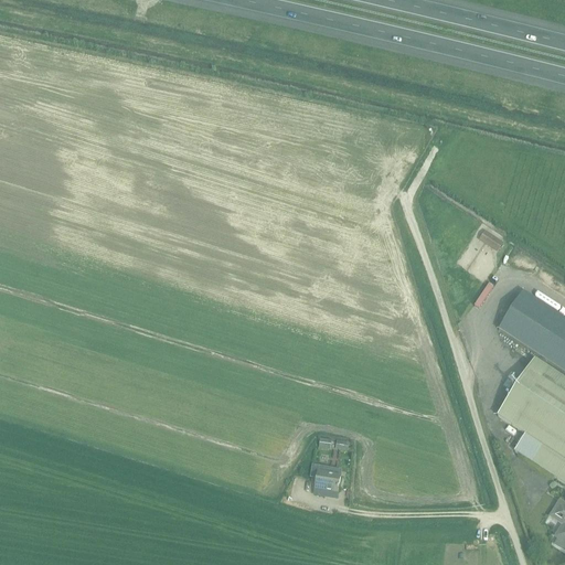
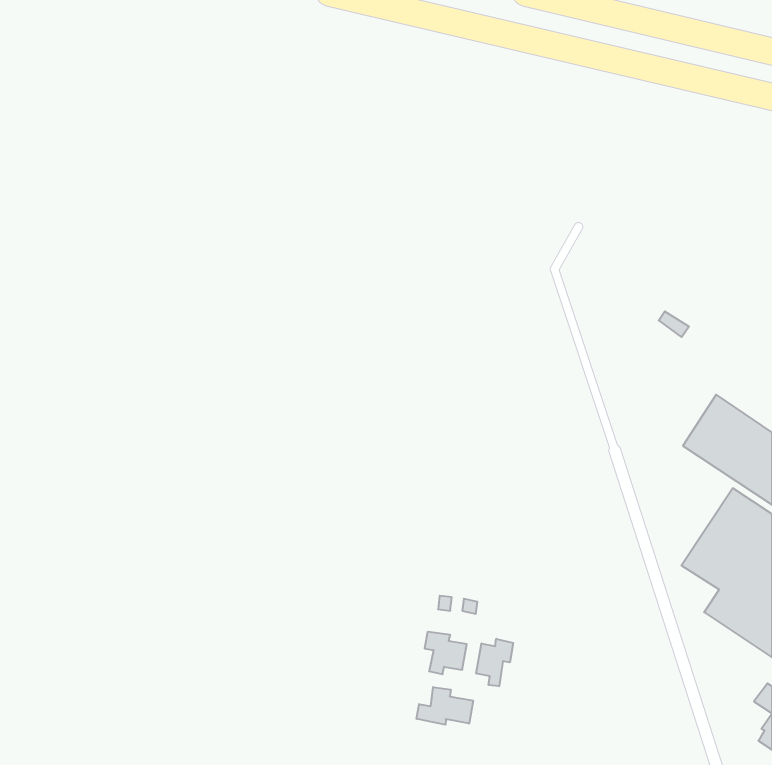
building: none -> [476,639,513,686]
building: none -> [417,687,473,725]

